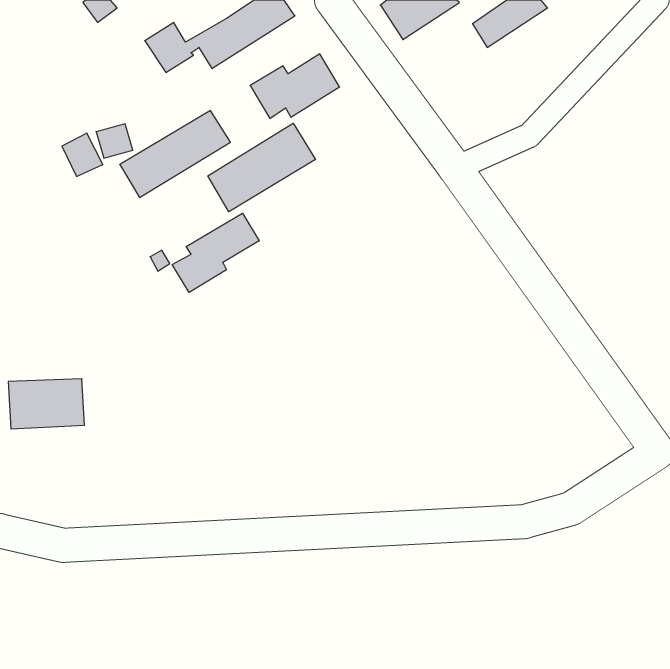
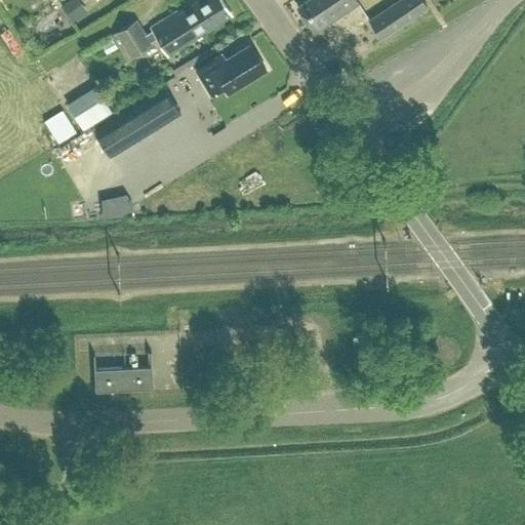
building: [208,123,315,212] -> none
building: [172,213,259,292] -> none
building: [8,379,85,429] -> [94,353,154,392]

